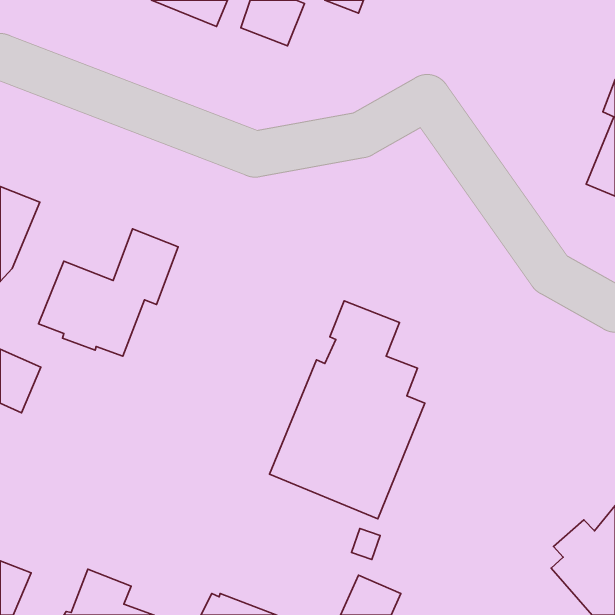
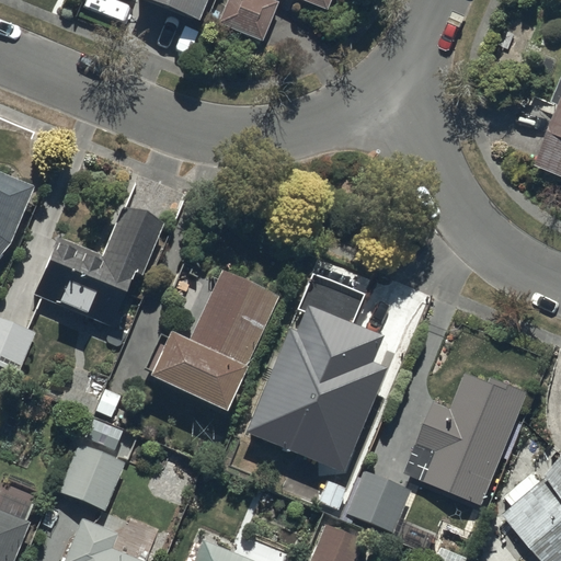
building: none -> [150,266,279,410]
building: none -> [403,373,526,505]
building: none -> [59,446,124,512]
building: none -> [346,470,411,534]

